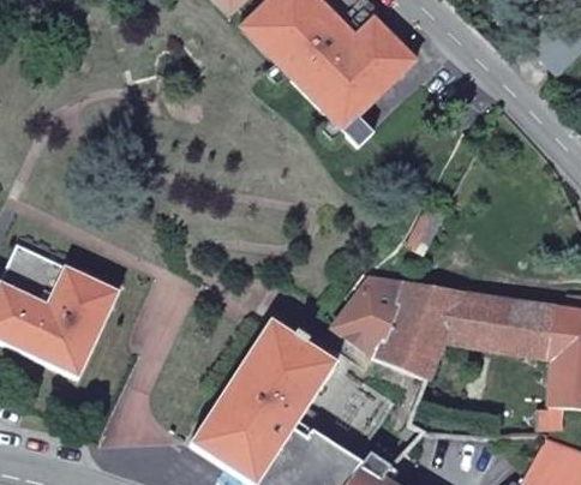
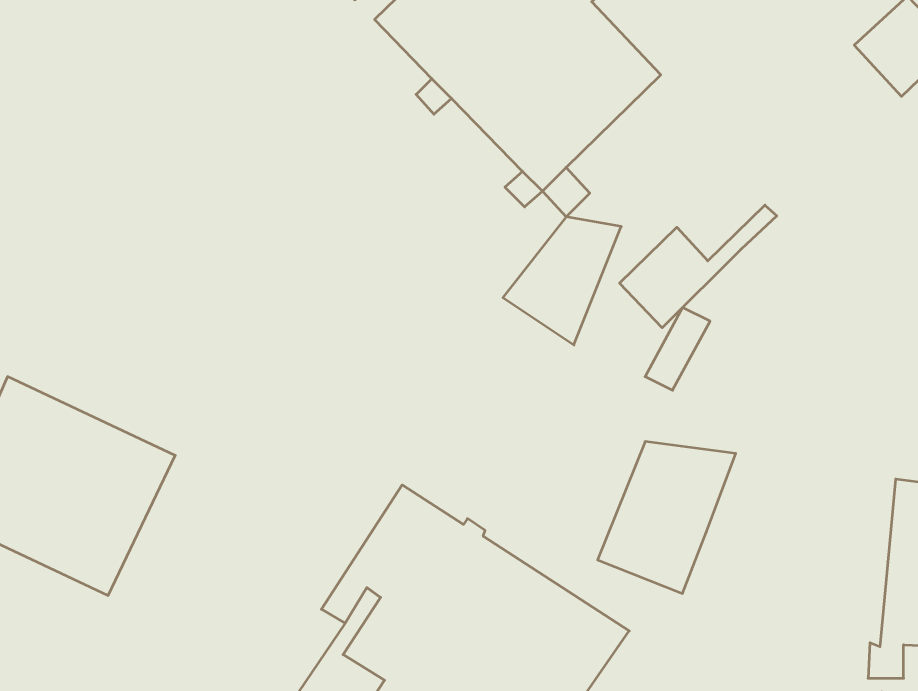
building: none -> [620,205,777,328]
building: [333,279,405,357] -> [503,217,621,345]
building: [442,292,557,358] -> none

